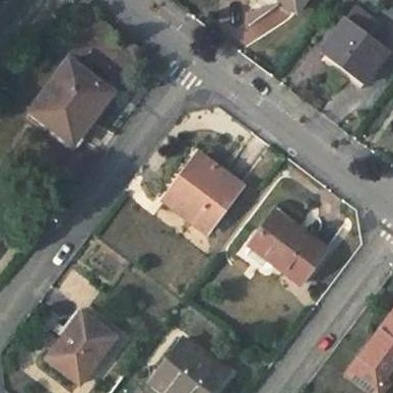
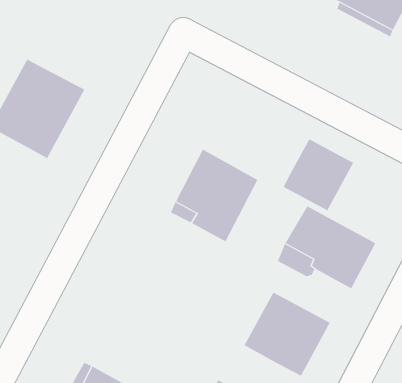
building: none -> [283,138,354,211]
building: none -> [244,292,330,376]

